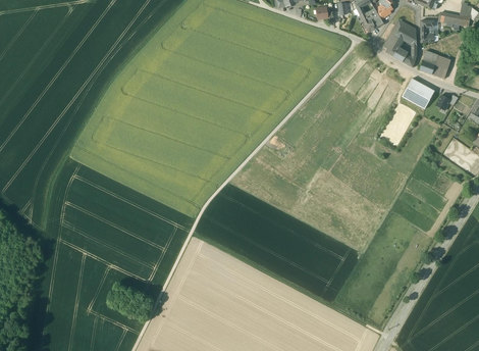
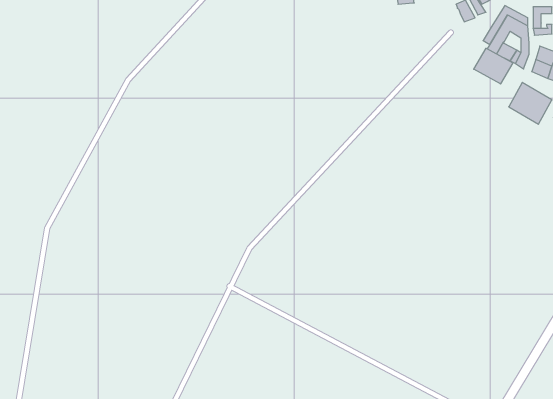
building: none -> [474,48,513,84]

